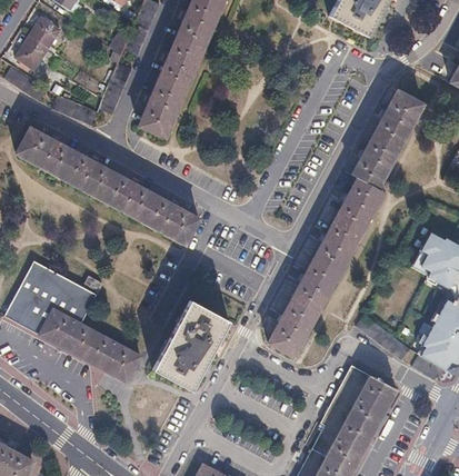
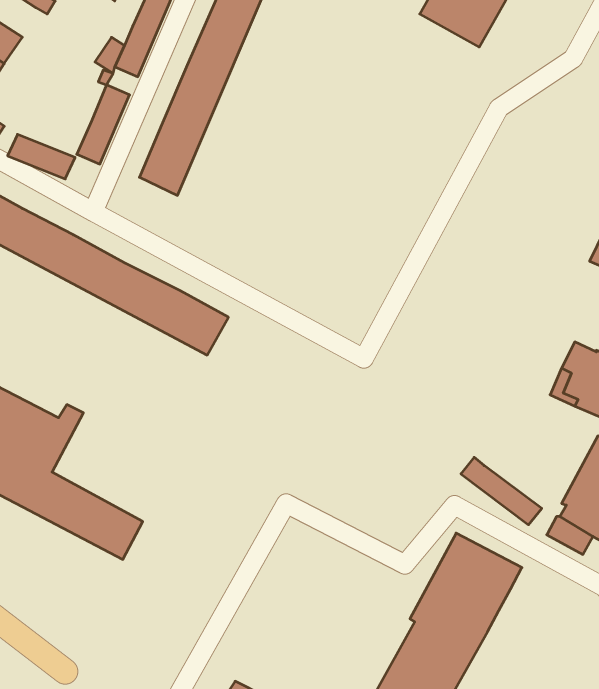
building: [269,91,423,357] -> none
building: [152,303,229,394] -> none

